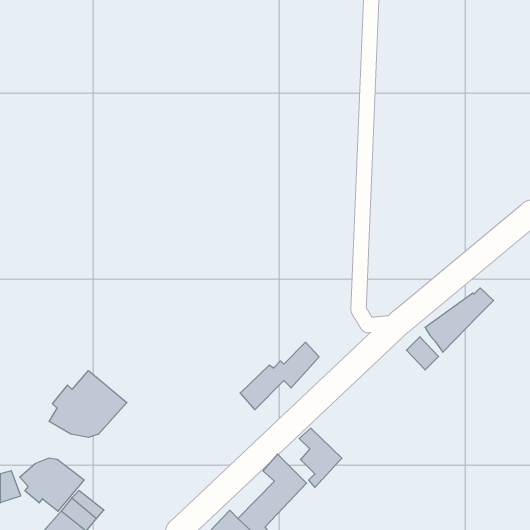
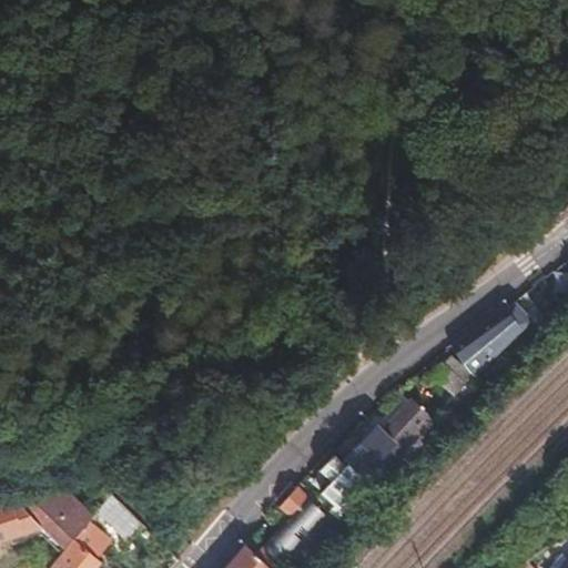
building: [240,342,319,410] -> [348,404,433,476]
building: [49,371,127,437] -> none

